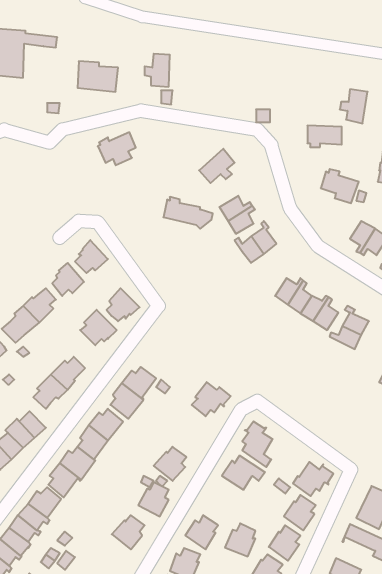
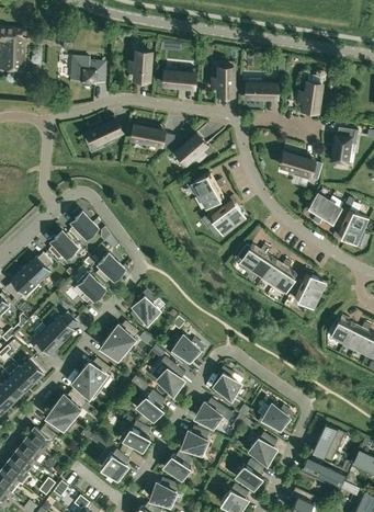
building: none -> [212,68,233,94]
building: none -> [163,69,195,91]
building: [307,126,342,147] -> [247,83,276,102]
building: [163,197,213,229] -> [132,123,174,150]
building: none -> [129,293,158,327]
building: none -> [156,357,184,394]
building: [225,523,255,556] -> [181,426,207,455]

